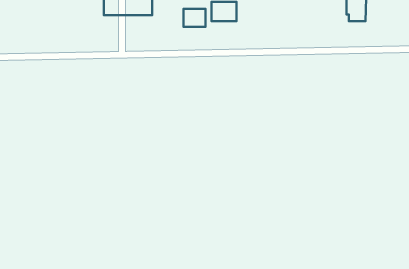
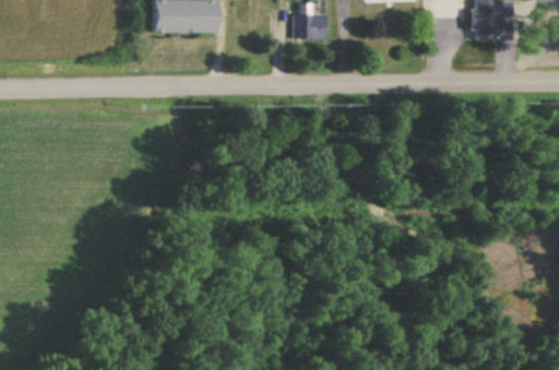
building: [184,9,206,27] -> none

